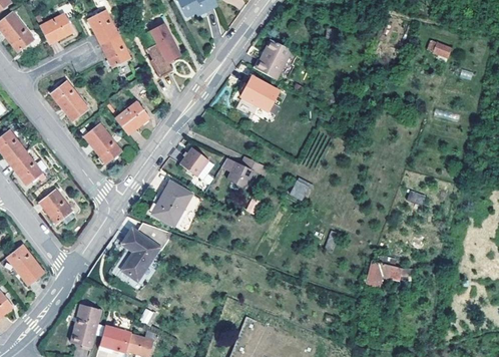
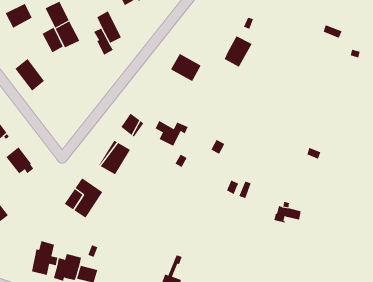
building: [256,38,291,77] -> [224,36,252,67]
building: none -> [42,27,63,53]
building: [116,102,149,134] -> none
building: [84,123,122,163] -> none

